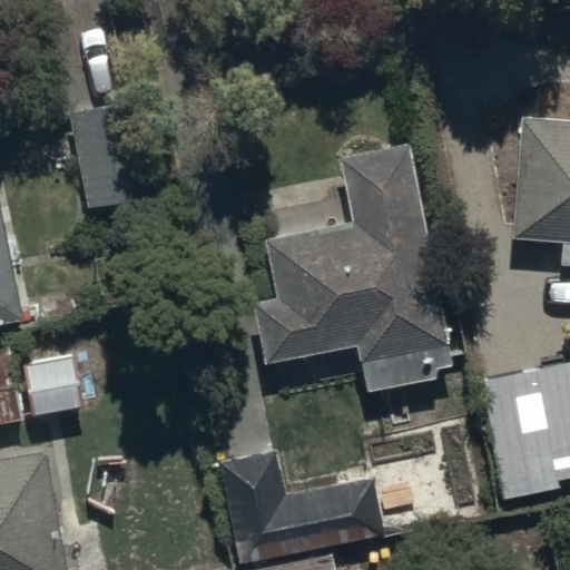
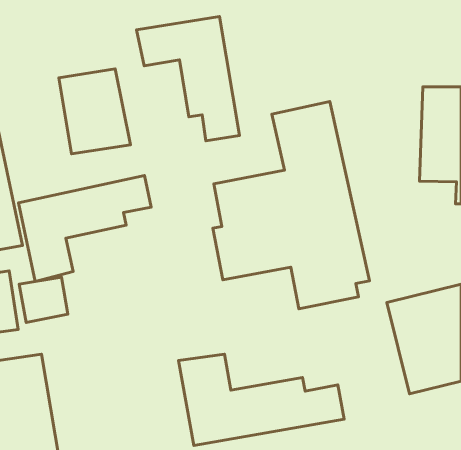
building: none -> [137,16,239,141]
building: none -> [18,175,151,281]

